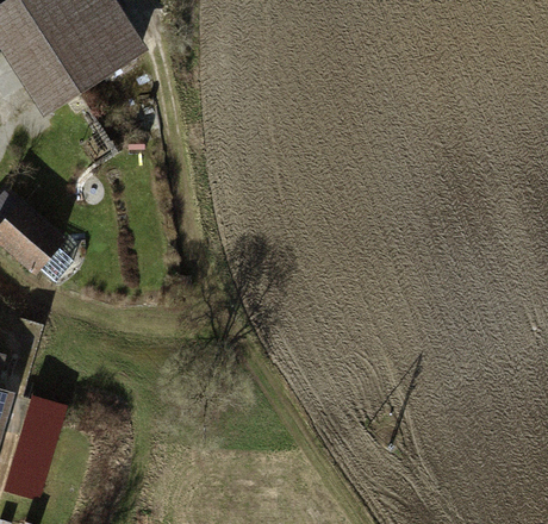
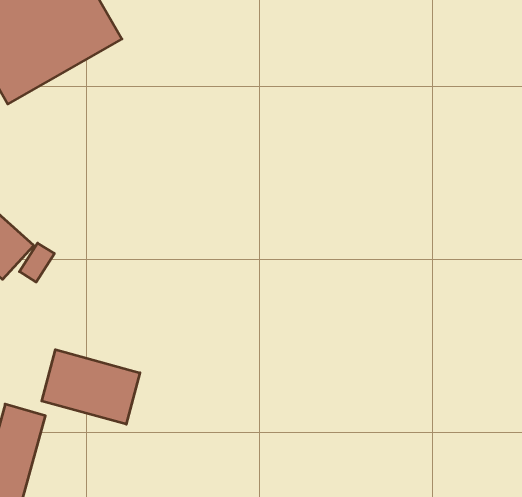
building: none -> [42,350,140,424]

